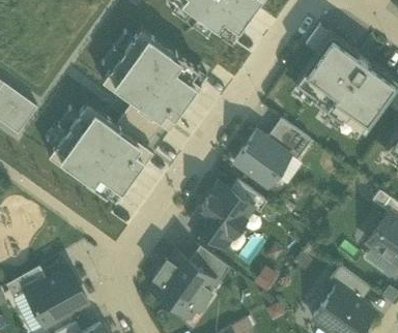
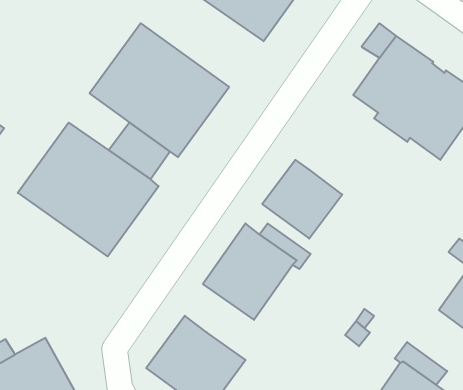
building: [267,121,312,162] -> none
building: [191,247,230,282] -> none

